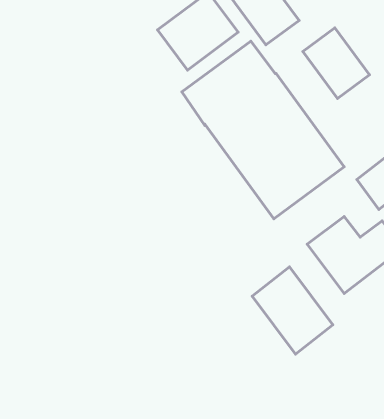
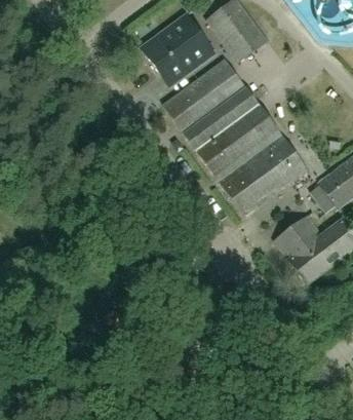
building: [303,28,369,99] -> none
building: [252,267,333,354] -> none

